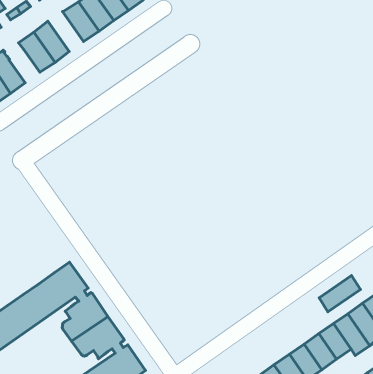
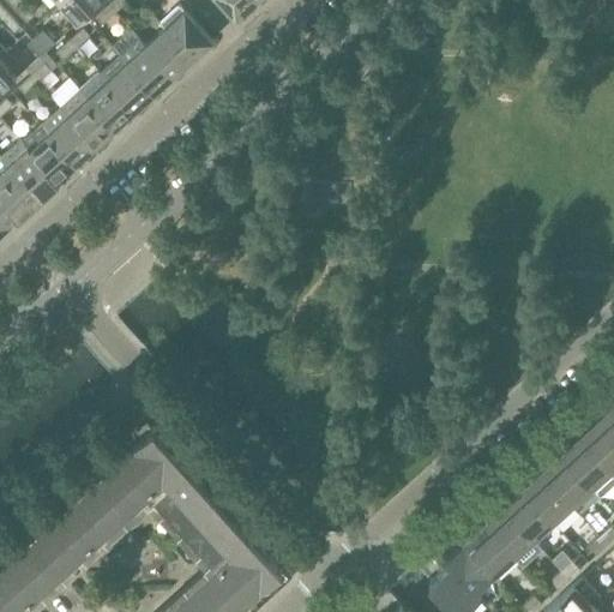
building: none -> [74,79,130,136]
building: none -> [17,132,72,188]
building: [319,276,360,312] -> none

